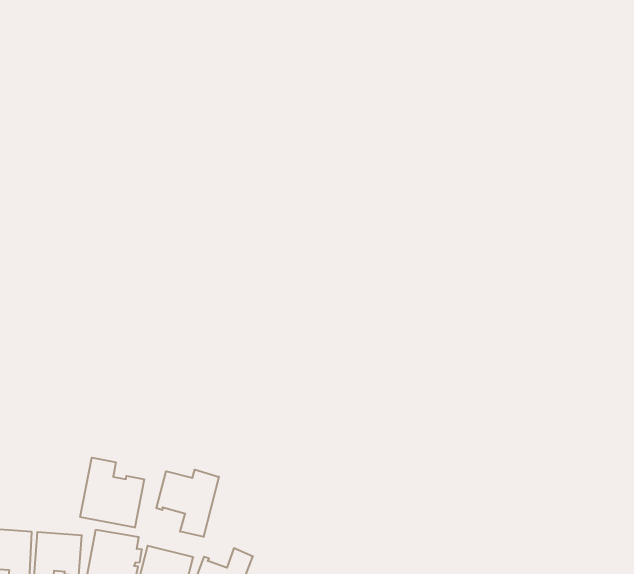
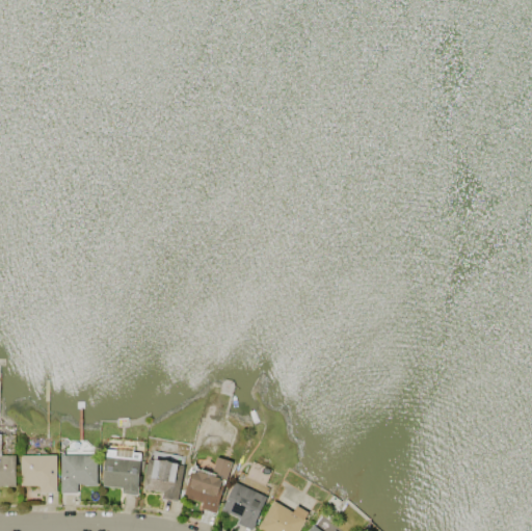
building: [80,458,144,528] -> none
building: [156,470,219,537] -> none

